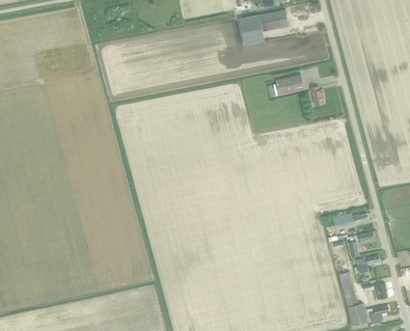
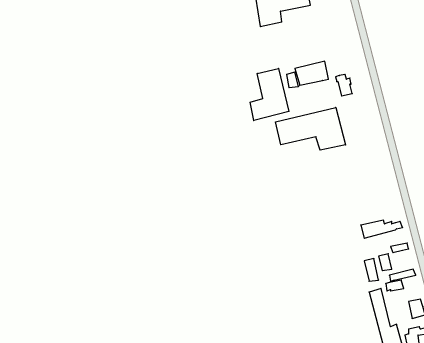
building: none -> [250,68,289,121]
building: none -> [276,107,346,150]

